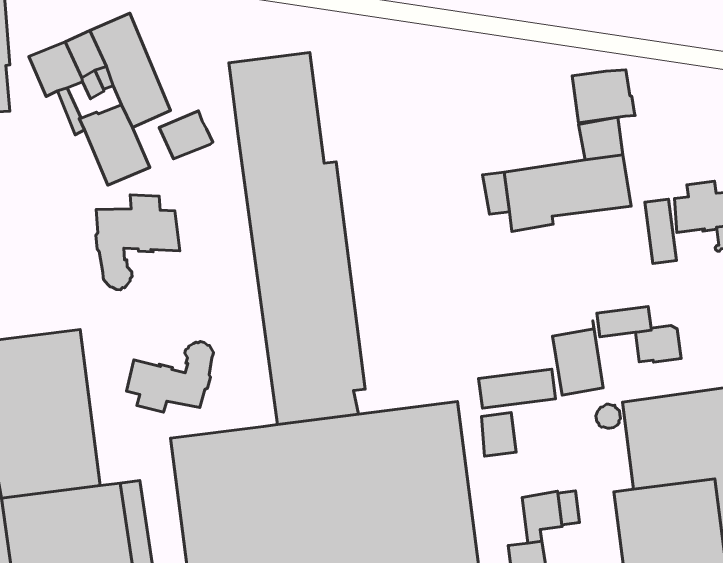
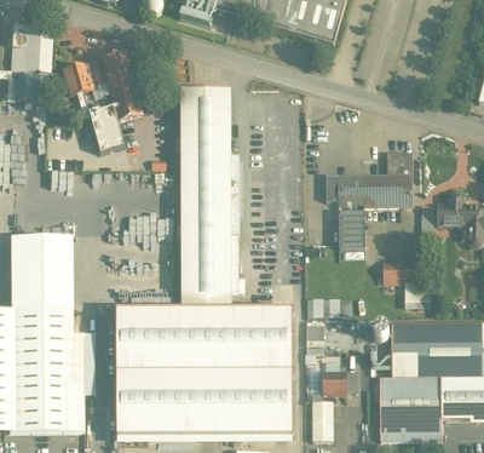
building: [572,70,635,123] -> none
building: [159,111,213,159] -> none
building: [96,195,180,290] -> none
building: [552,321,603,395] -> [338,205,364,247]
building: [127,341,214,412] -> none

